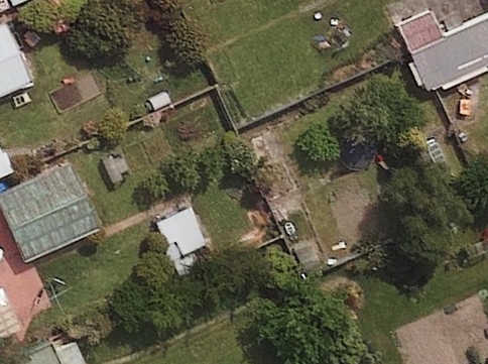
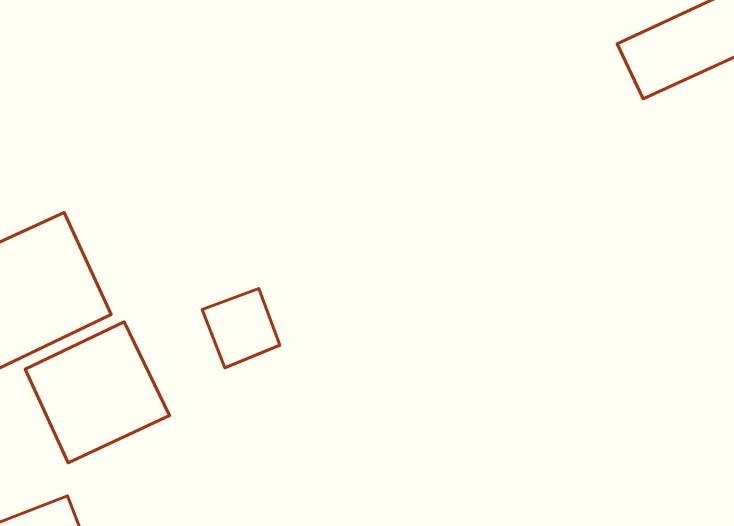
building: none -> [25,322,169,463]

